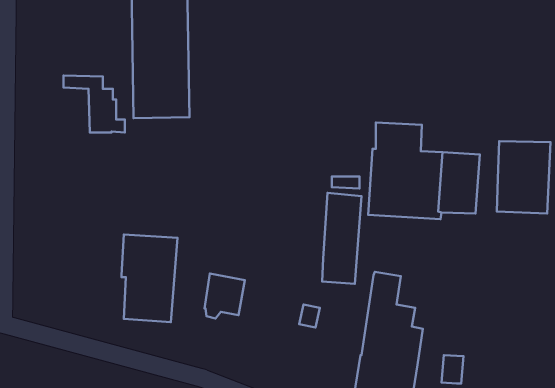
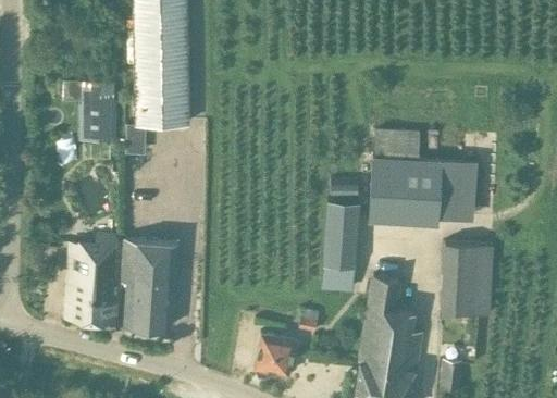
building: [497,141,551,214] -> [440,246,493,318]
building: none -> [66,237,120,325]
building: [204,273,245,318] -> [255,335,295,380]

